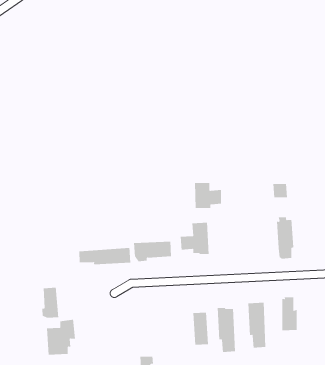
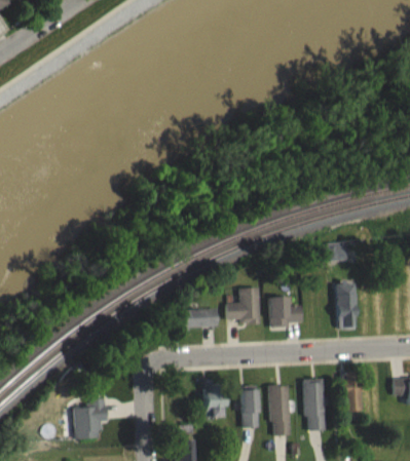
building: [194,182,222,208] -> [269,297,301,326]
building: [79,247,131,265] -> none
building: [42,287,59,319] -> none
building: none -> [203,379,225,417]

